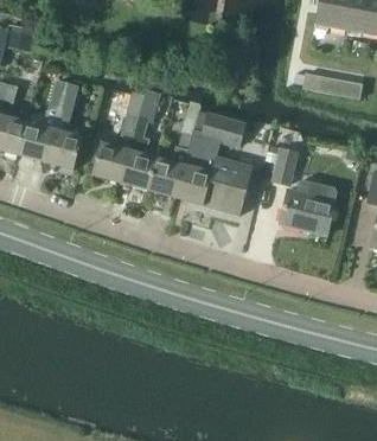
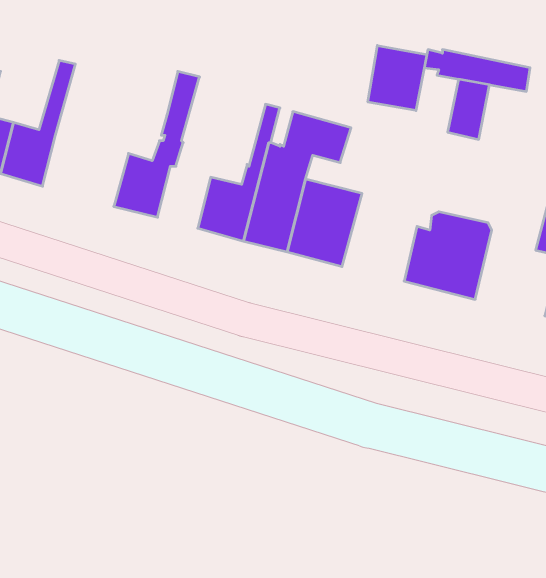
building: none -> [368,45,427,111]
building: [45,82,83,168] -> none
building: [120,90,159,188] -> none
building: [270,147,298,186] -> [448,79,490,139]

